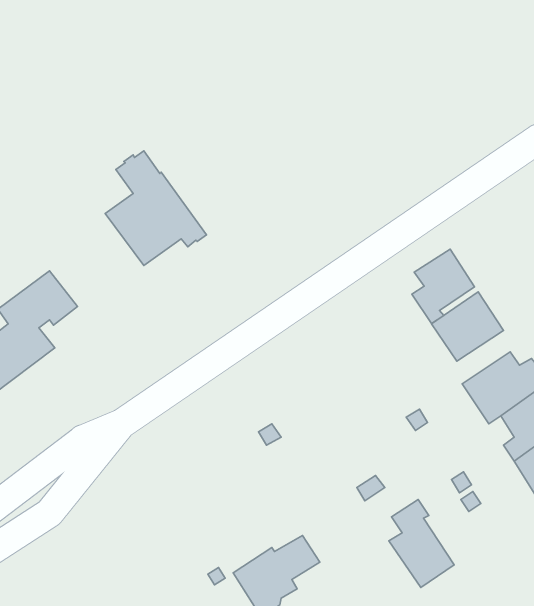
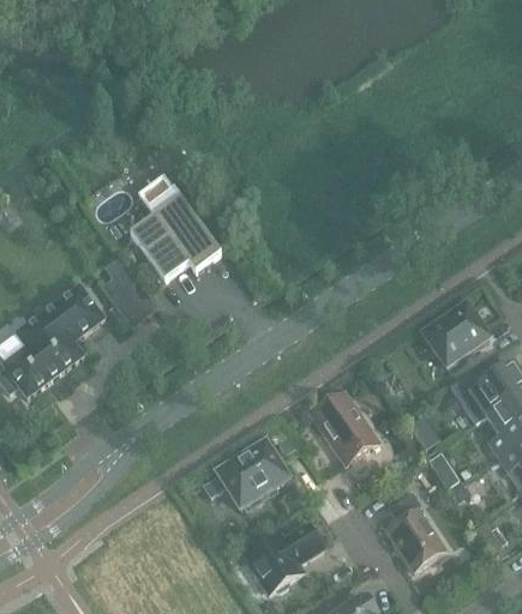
building: [412,249,475,324] -> none
building: none -> [311,389,378,462]
building: none -> [202,440,288,507]

